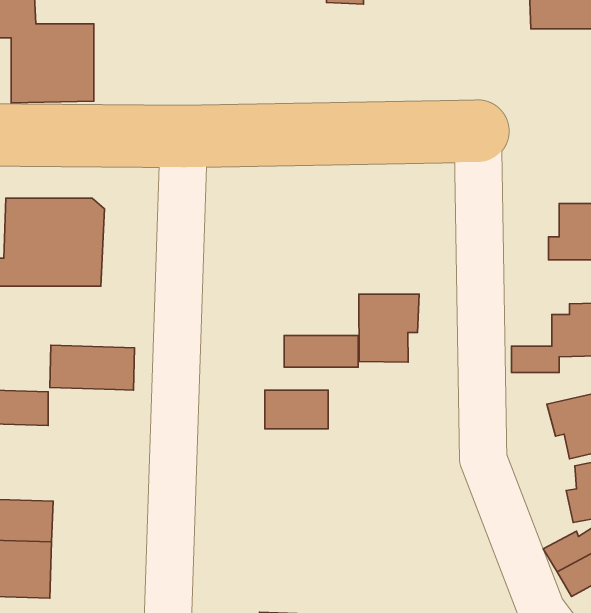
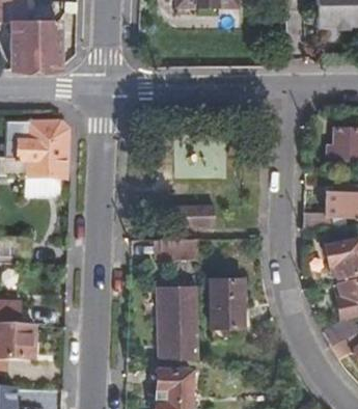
building: [359,294,419,362] -> none
building: [50,345,135,390] -> none
building: none -> [209,278,241,326]
building: none -> [157,285,197,358]

